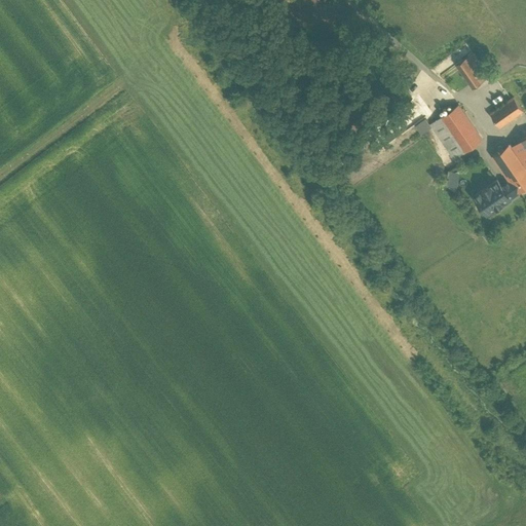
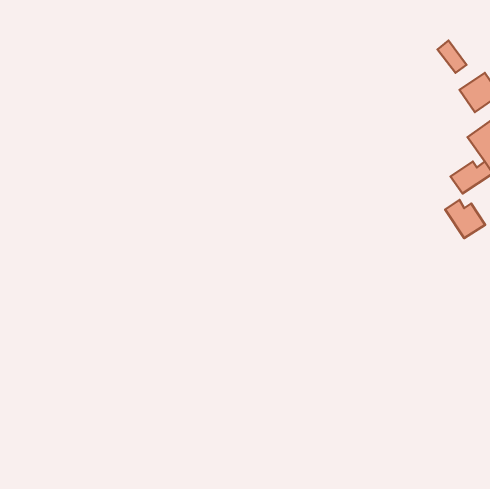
building: [434,110,486,163] -> none
building: none -> [445,200,485,238]

